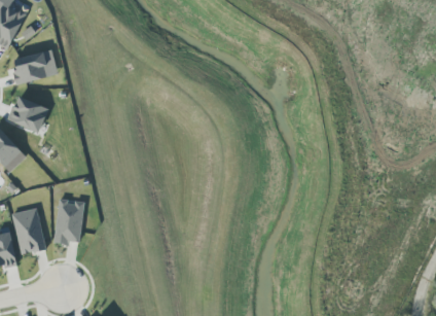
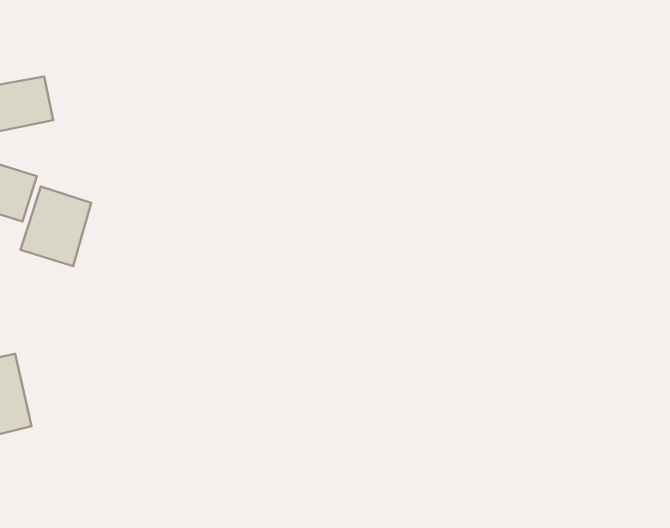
building: none -> [21,187,91,266]
building: [53,199,84,244] -> none

